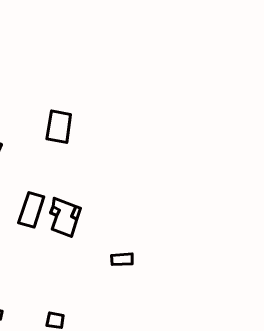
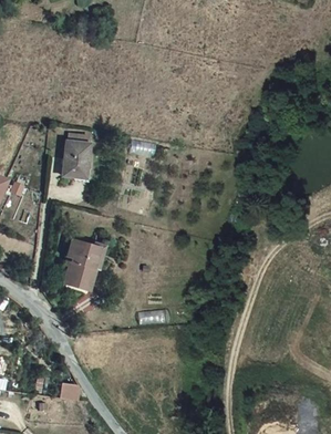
building: [18,193,44,227] -> none

